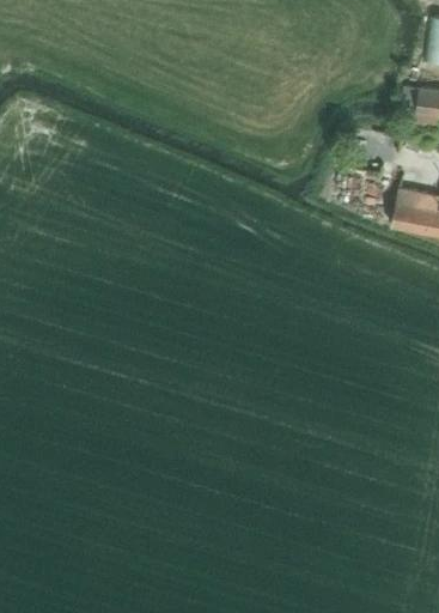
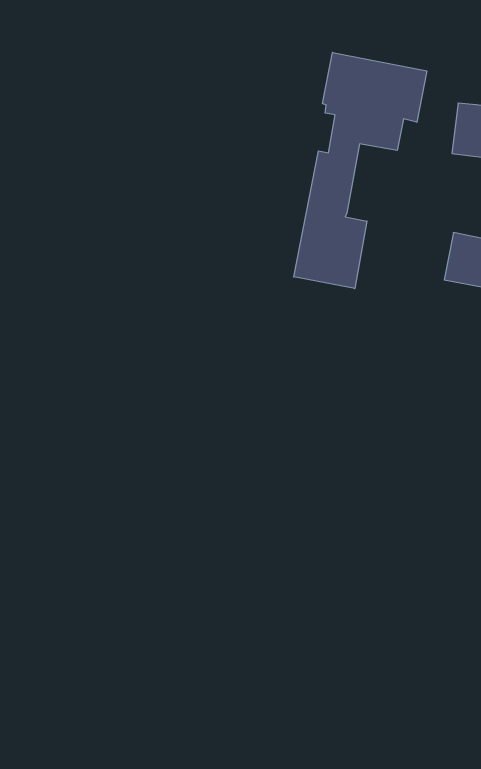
building: none -> [294,52,427,289]

